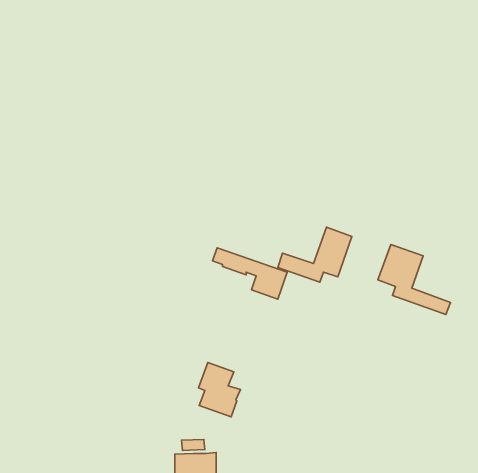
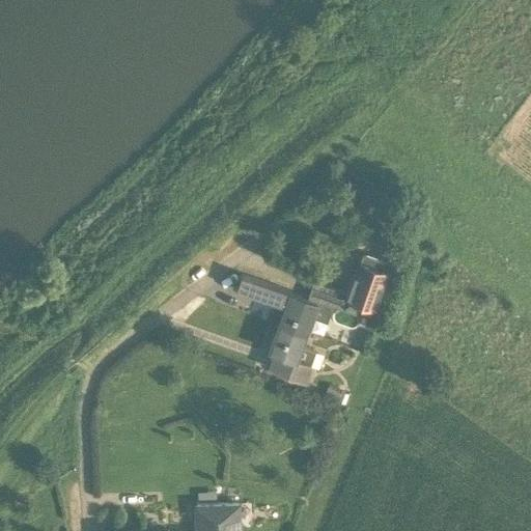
building: [378,245,451,315] -> none
building: [198,363,240,417] -> [269,327,315,387]

